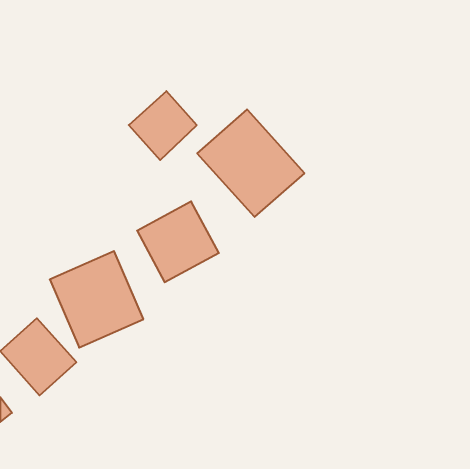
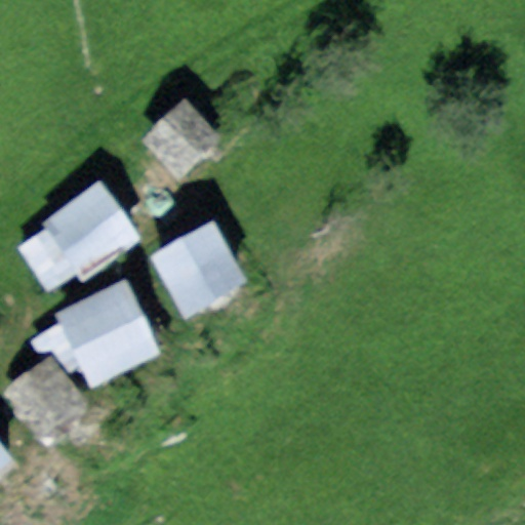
building: [197,109,304,217] -> none
building: none -> [21,181,138,291]

